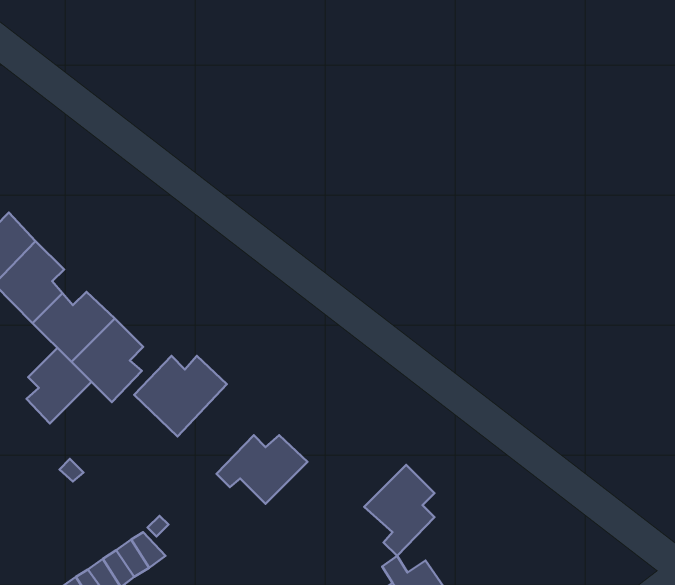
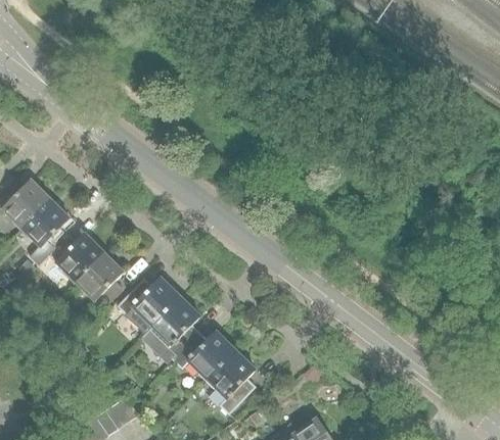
building: [27,348,91,423] -> none
building: none -> [147,298,200,359]
building: [364,465,434,556] -> [208,351,256,413]

